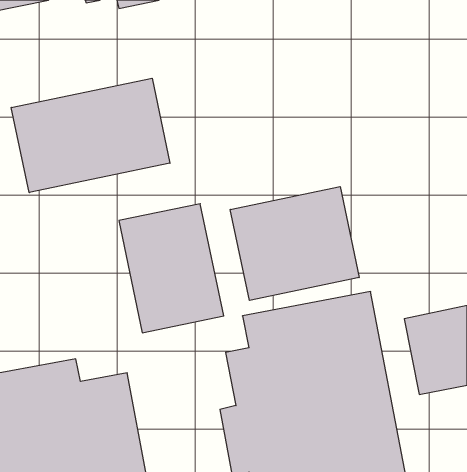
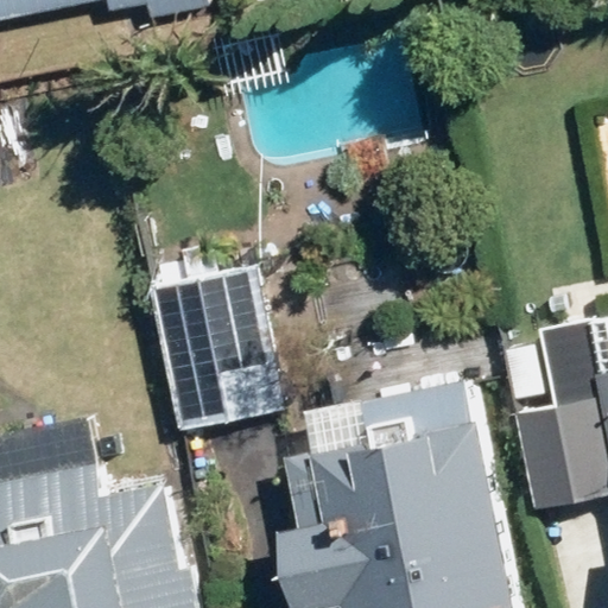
building: [11,78,170,193] -> none
building: [230,187,359,300] -> none

